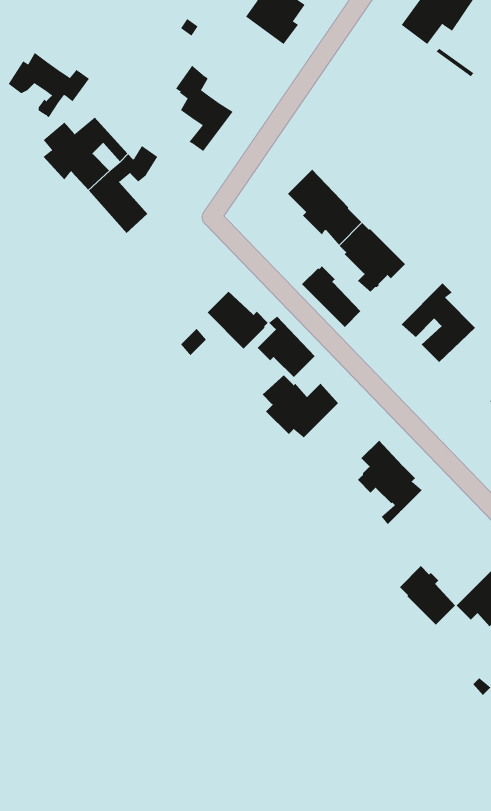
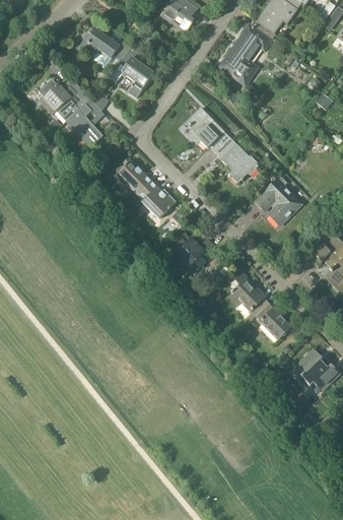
building: none -> [219,19,275,84]
building: [8,52,90,117] -> [79,27,129,67]
building: [301,266,361,328] -> none
building: [257,316,315,378] -> [116,156,151,194]
building: [399,565,456,626] -> [256,302,290,338]

